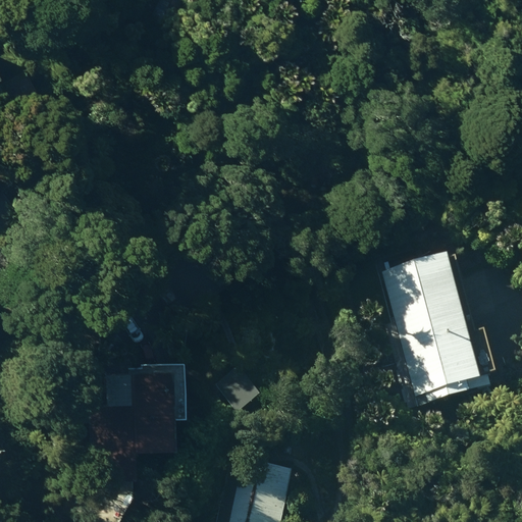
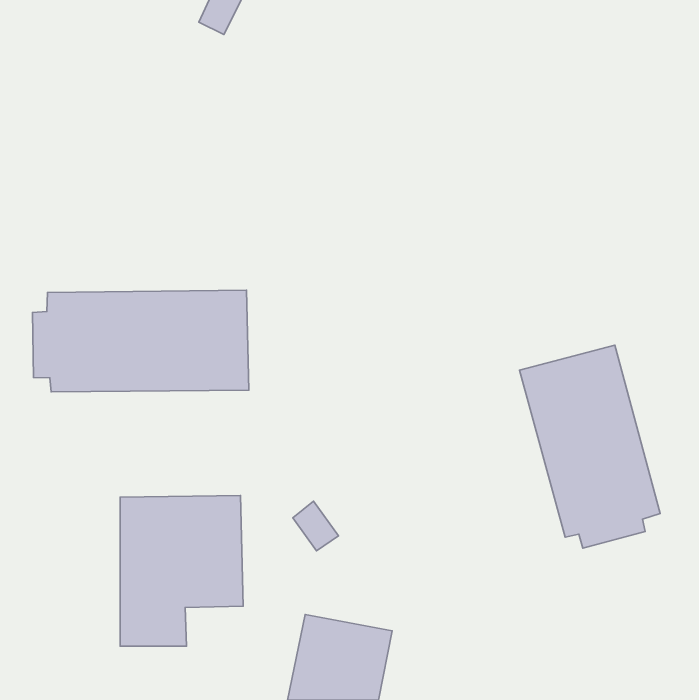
building: none -> [32,290,249,392]

